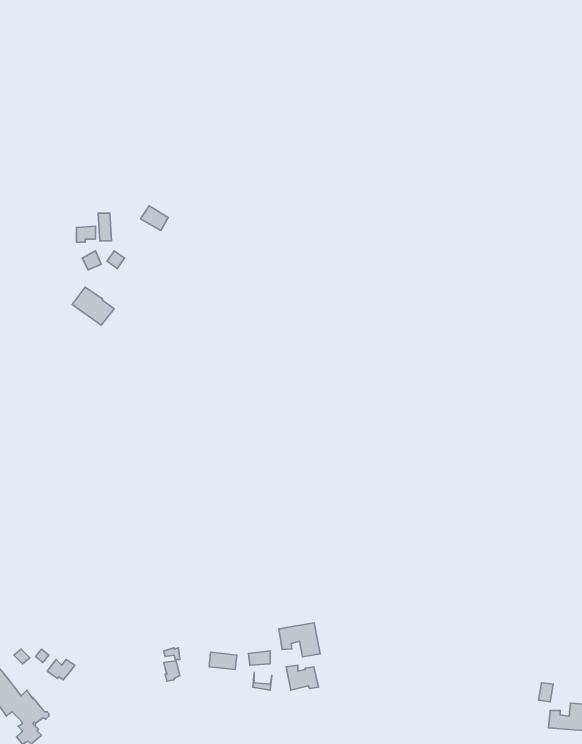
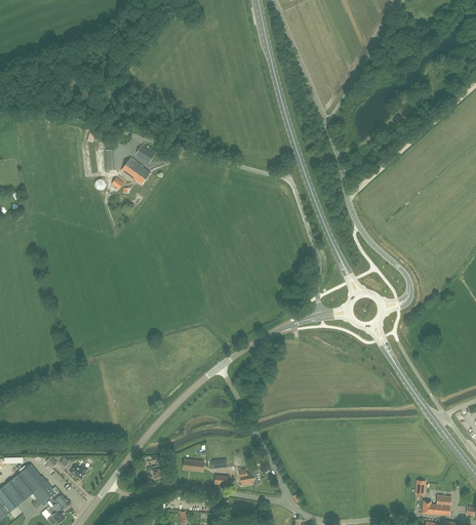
building: [72,287,114,325] -> [120,158,150,185]
building: [279,623,320,657] -> none

